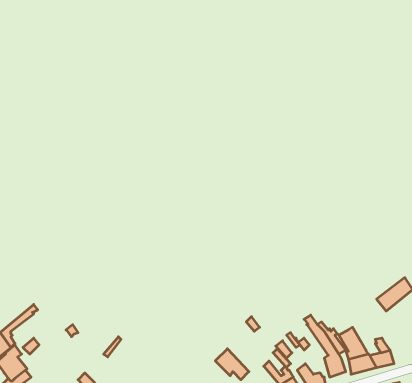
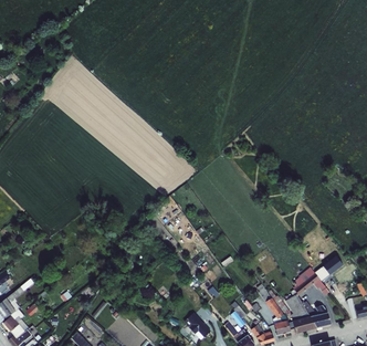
building: none -> [291,268,329,296]

